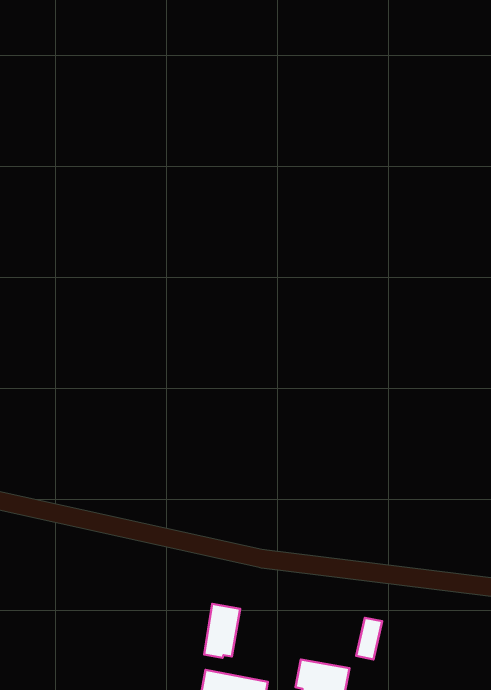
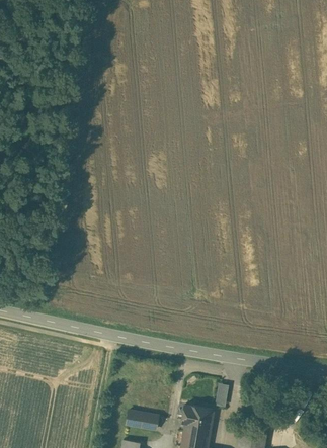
building: [204,604,240,658] -> none

